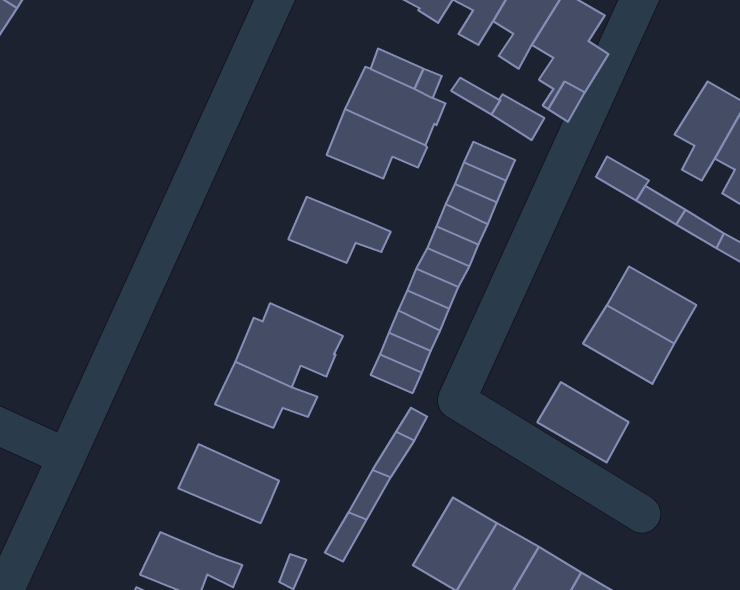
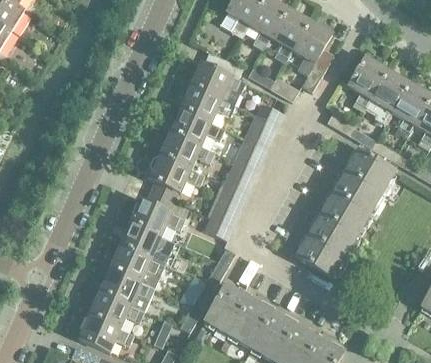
building: none -> [348,56,388,112]
building: none -> [169,110,225,146]
building: none -> [345,149,395,192]
building: none -> [149,156,204,202]
building: none -> [308,213,358,256]
building: none -> [110,246,164,288]
building: none -> [204,283,249,334]
building: none -> [89,292,144,329]

